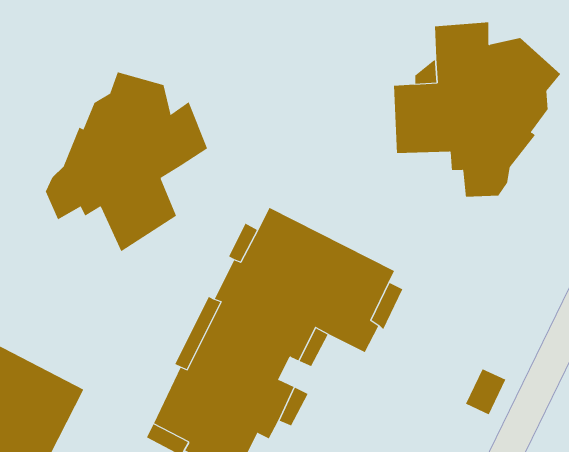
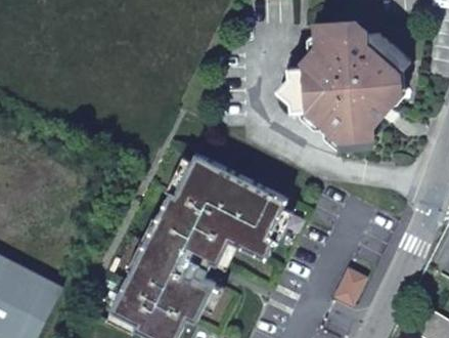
building: [45,72,208,252] -> none

